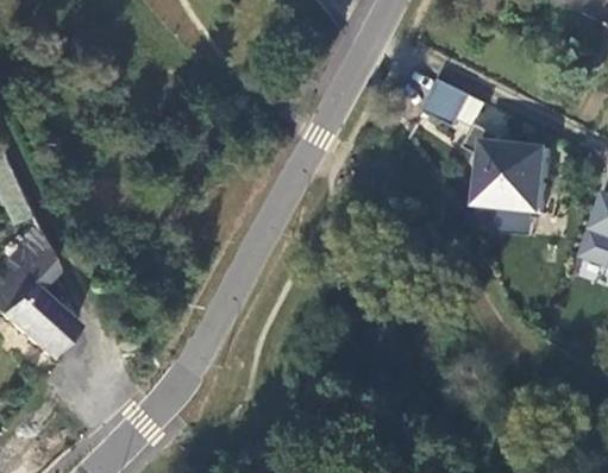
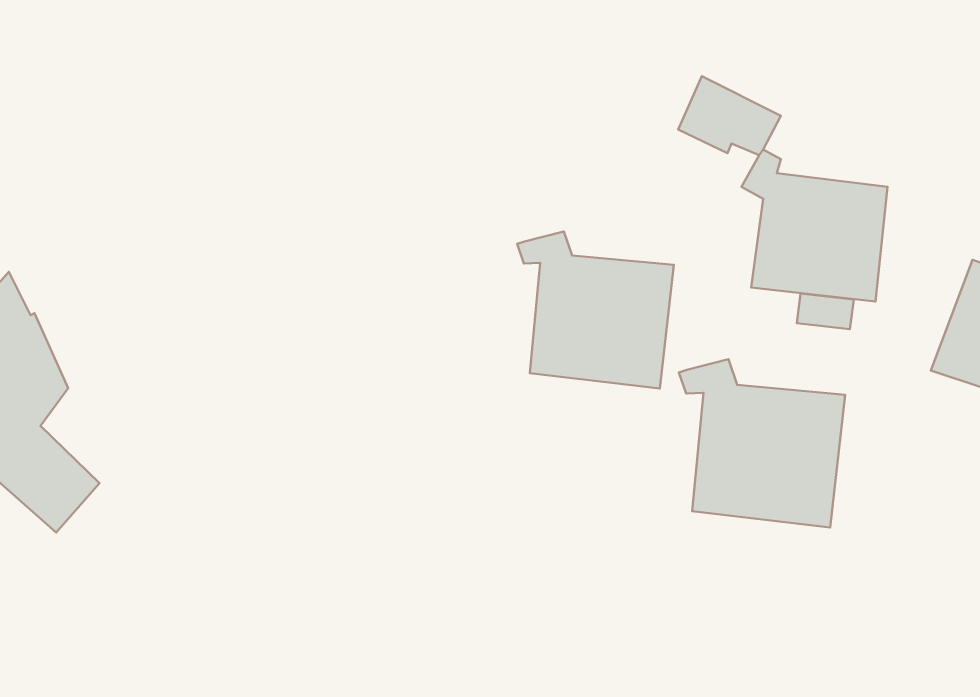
building: none -> [517,232,674,389]
building: none -> [679,359,845,528]

